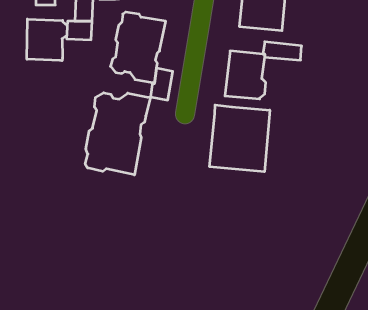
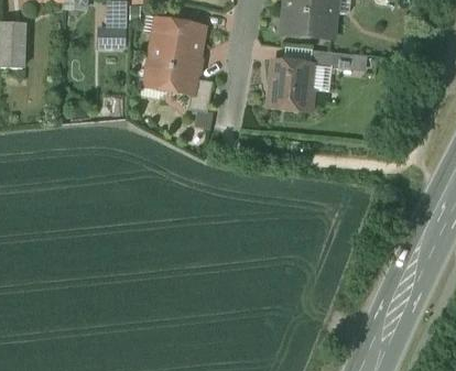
building: [27,19,67,61] -> none
building: [85,93,150,175] -> none
building: [210,105,270,172] -> none

